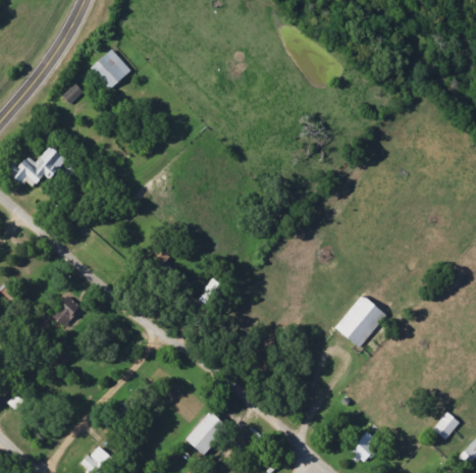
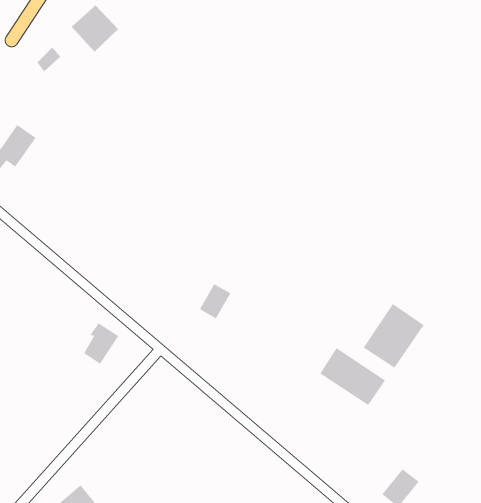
building: [54,295,84,329] -> [83,322,119,364]
building: none -> [320,347,386,406]
building: [182,412,225,456] -> none

